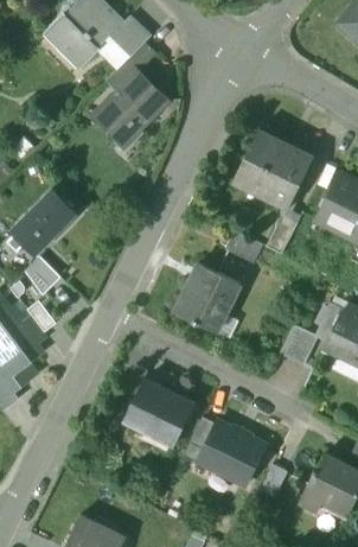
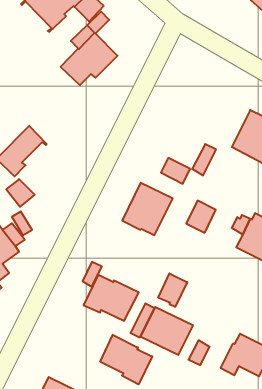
building: [231,131,313,210] -> none
building: [279,324,317,365] -> [186,201,216,233]
building: none -> [158,273,187,307]
building: none -> [100,335,152,384]

